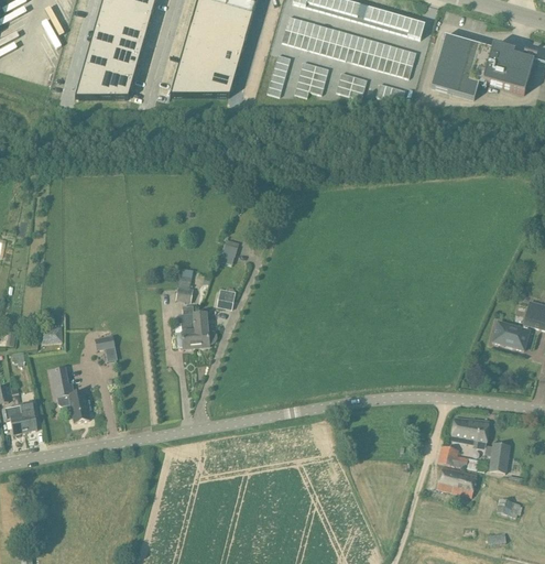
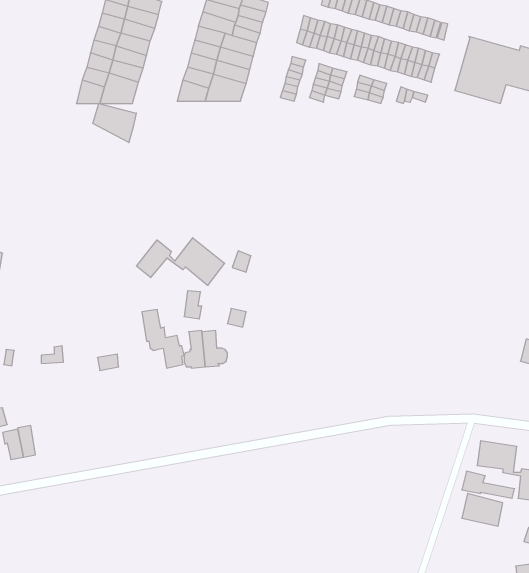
building: none -> [93,103,136,143]
building: none -> [136,238,225,285]
building: [51,366,90,421] -> [142,310,184,368]

